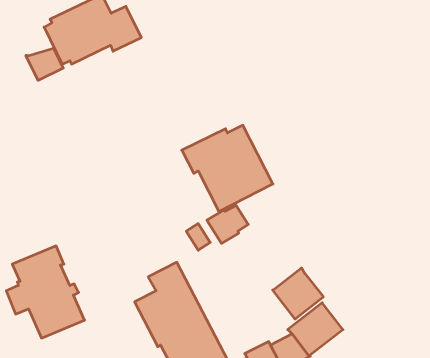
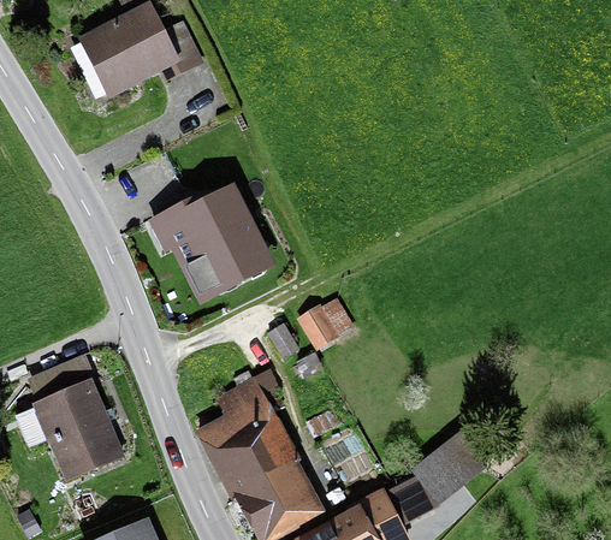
building: [26,48,63,80] -> none
building: [182,125,273,211] -> [149,185,277,305]
building: [273,268,323,319] -> none

